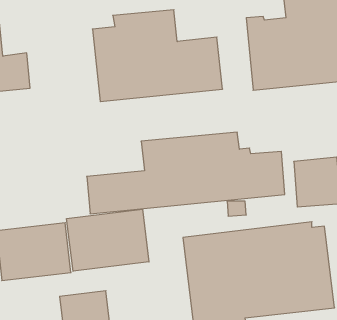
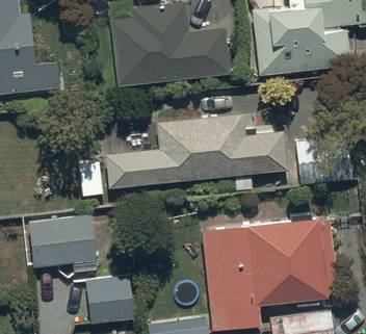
building: [67,209,149,271] -> none

